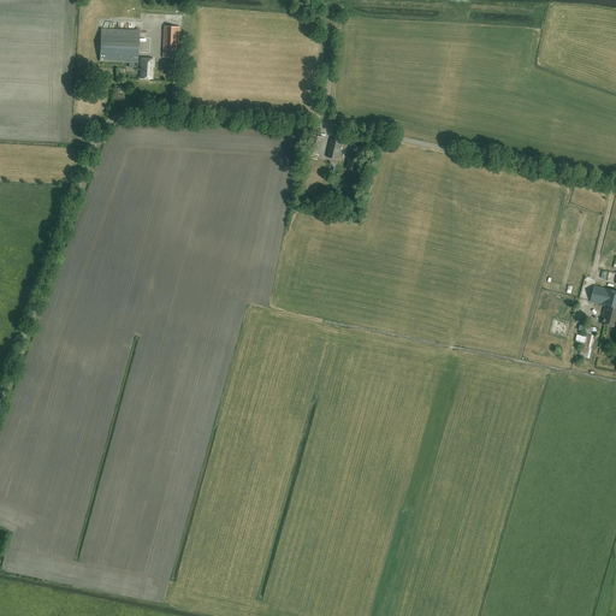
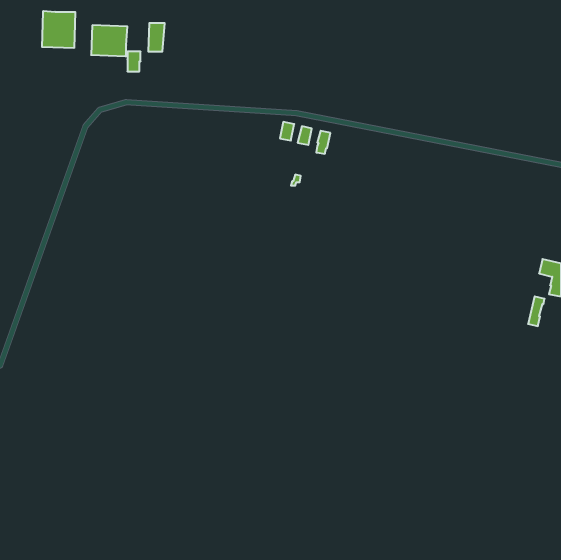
building: none -> [42,11,75,48]

